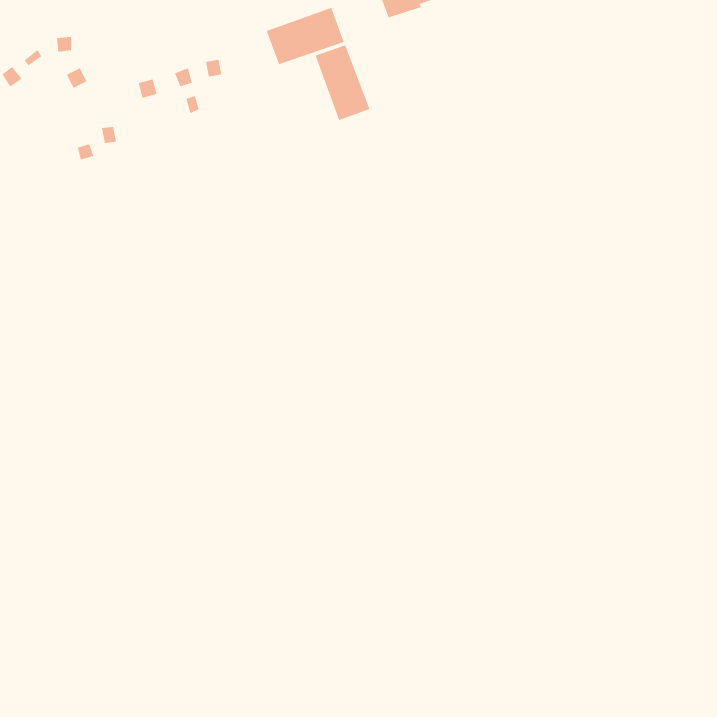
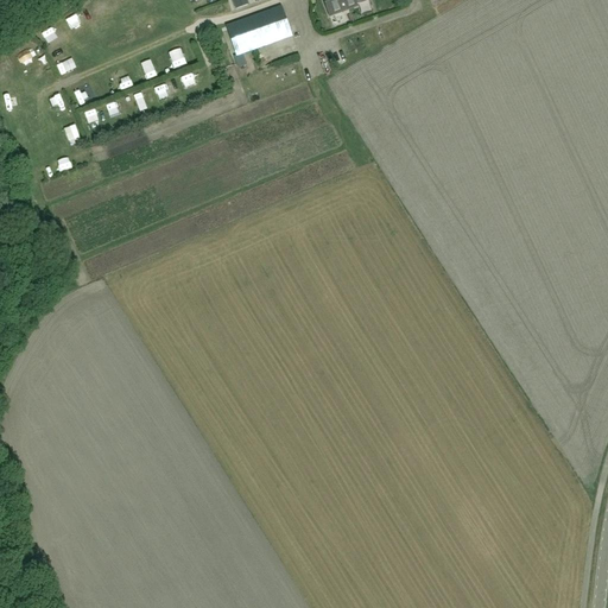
building: [315,45,370,121] -> none

